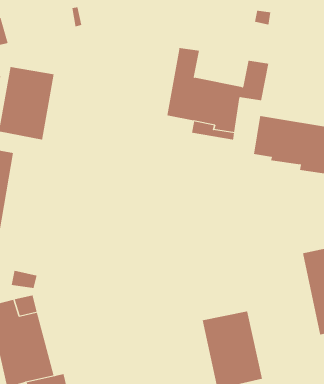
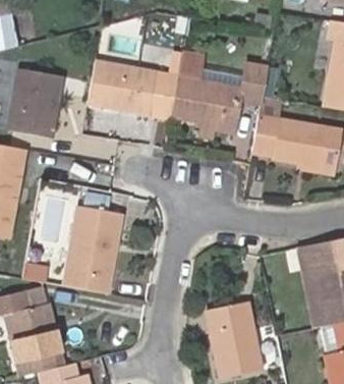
building: none -> [89,51,182,116]
building: none -> [63,206,122,291]

